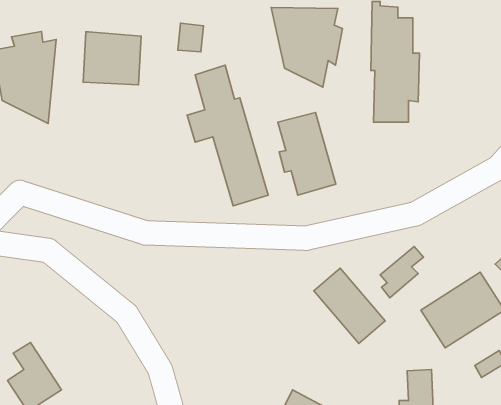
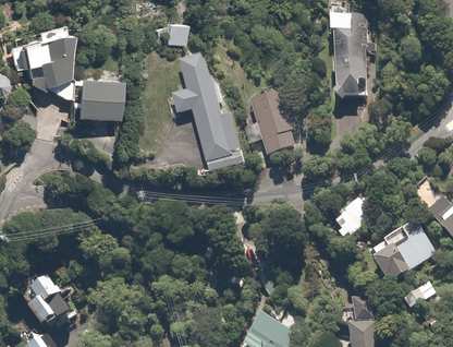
building: [271,7,343,87] -> none
building: [83,32,141,85] -> [74,75,121,118]
building: [314,268,385,343] -> none

